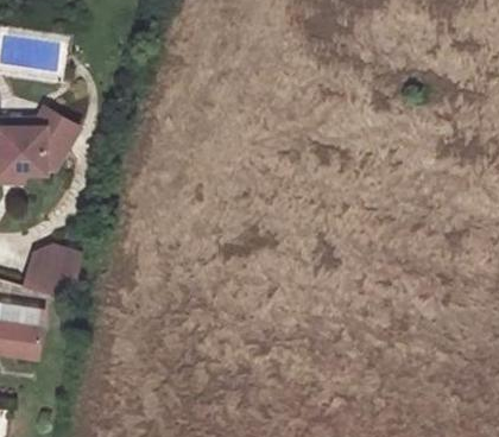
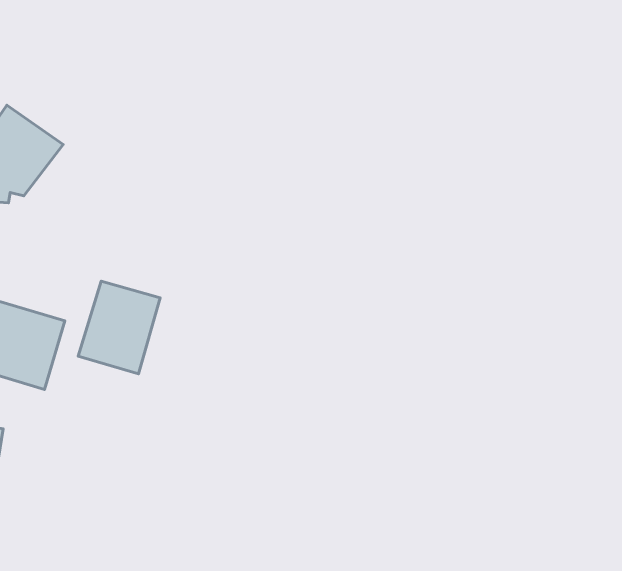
building: none -> [78,281,160,374]

